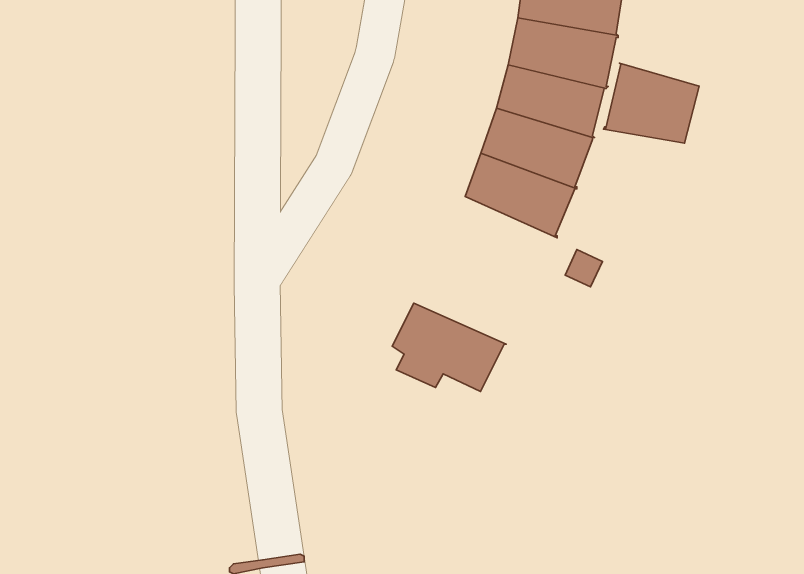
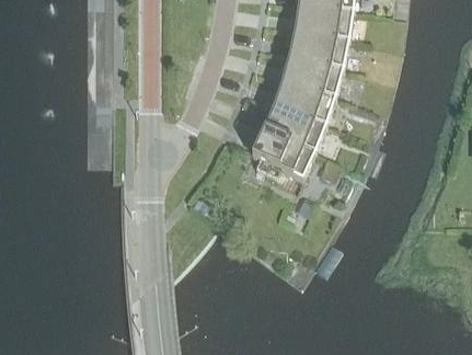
building: [604,63,699,143] -> none
building: [392,303,506,391] -> [253,124,316,173]

